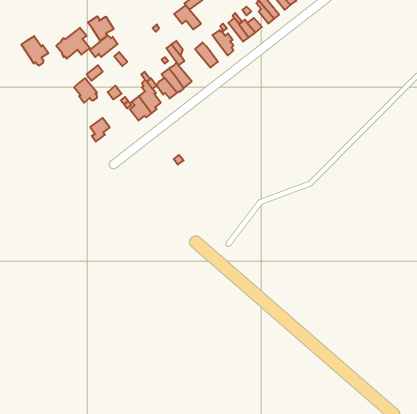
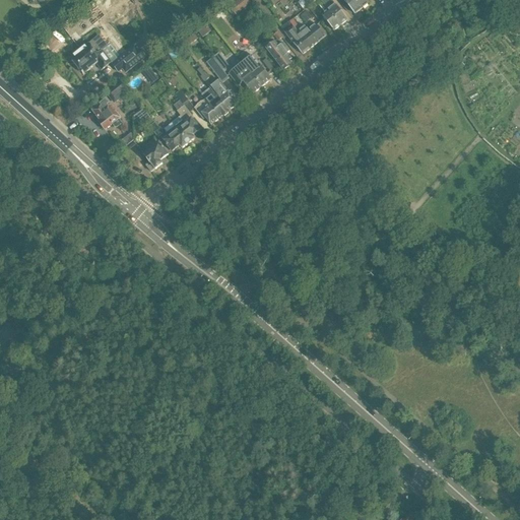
building: [174,5,201,29] -> [229,61,262,91]
building: [88,16,114,41] -> none
building: [21,36,48,66] -> none
building: [90,118,110,142] -> [144,141,169,171]

